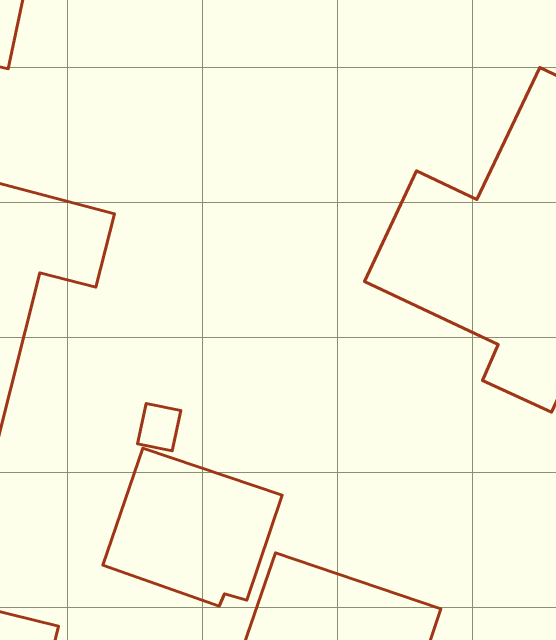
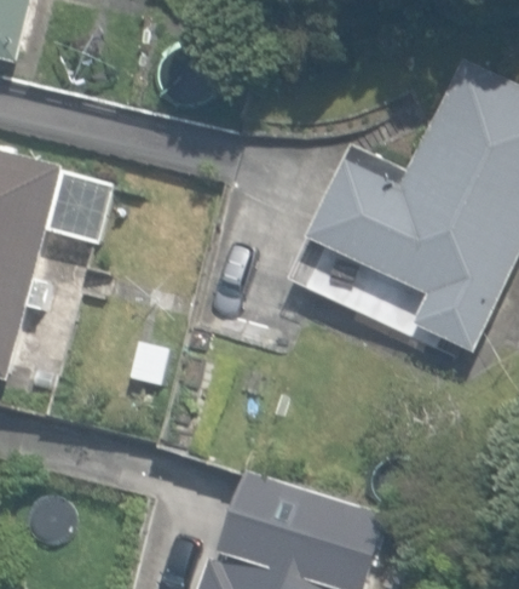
building: [103,448,282,606] -> none

